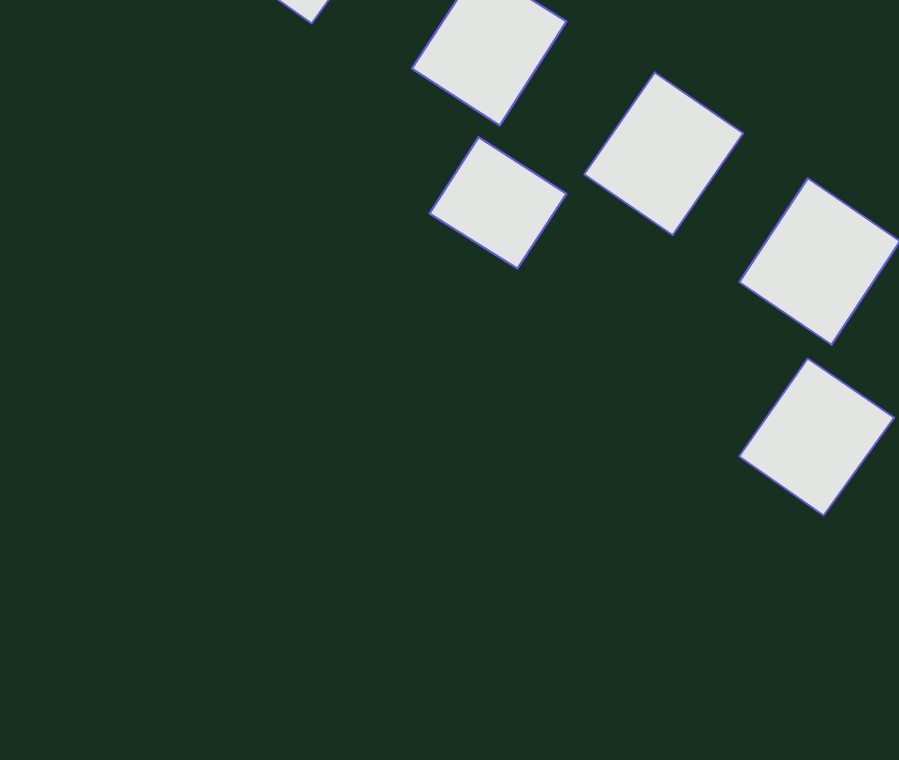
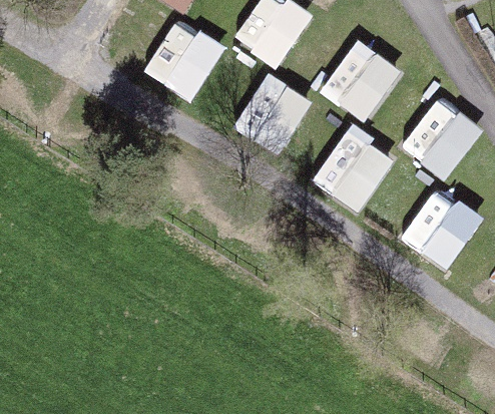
building: none -> [142,17,225,101]
building: none -> [310,124,396,214]

